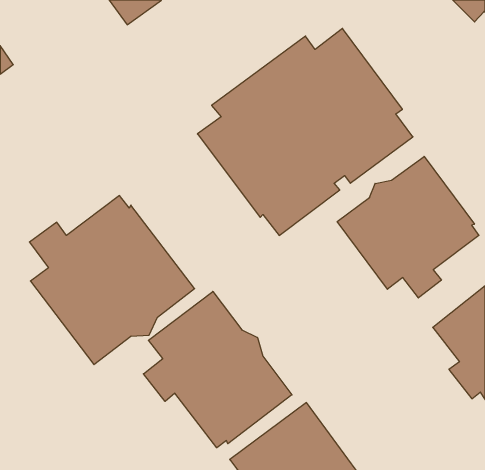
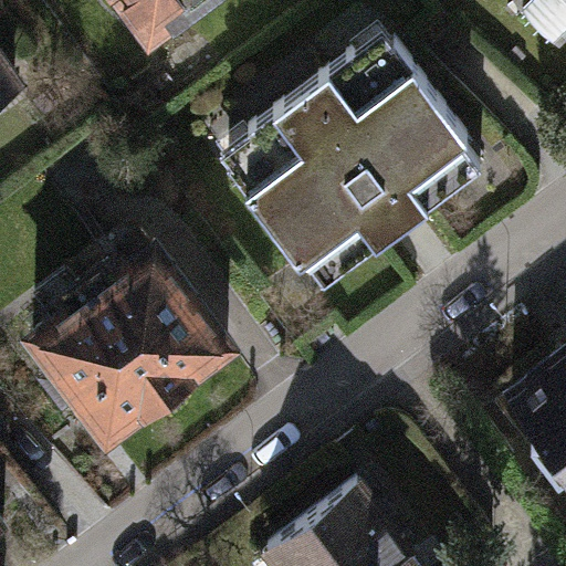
building: [337,156,479,298] -> none
building: [143,291,292,448] -> none

